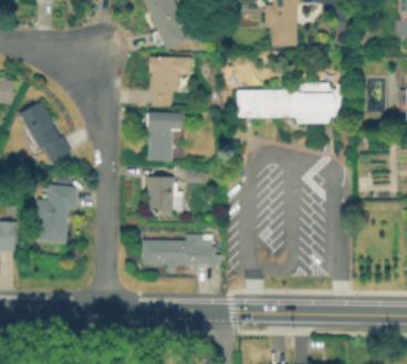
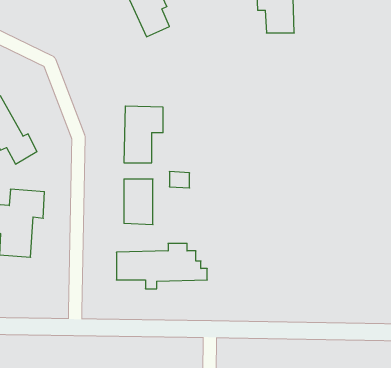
building: [148,56,192,106] -> none
building: [236,82,343,134] -> none

